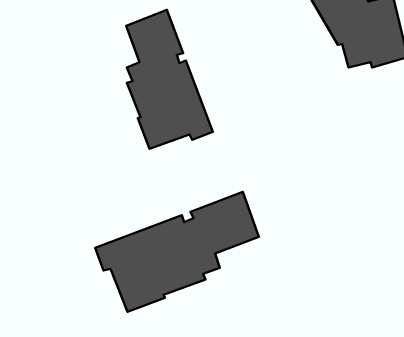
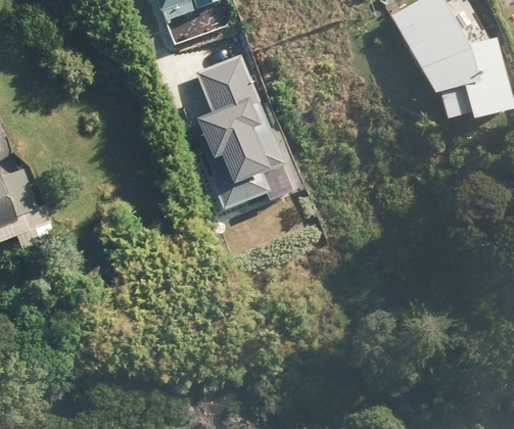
building: [95,192,259,312] -> none

